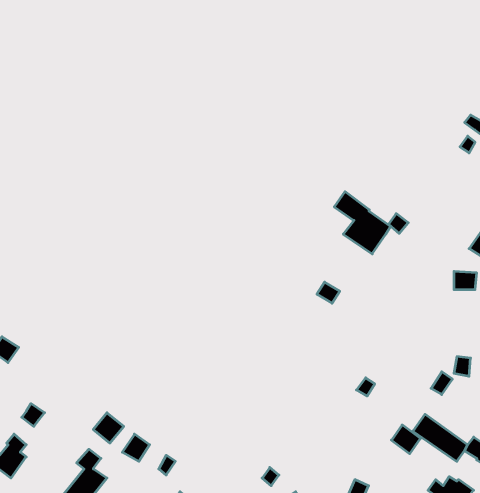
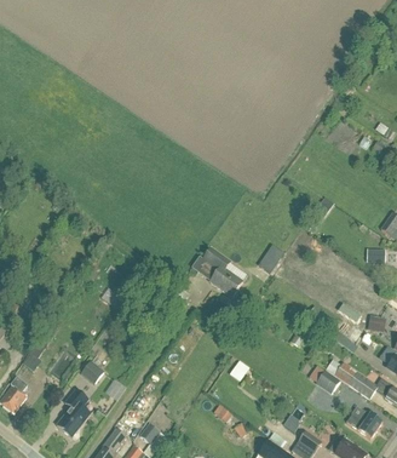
building: [334,192,390,254] -> [202,247,247,297]

